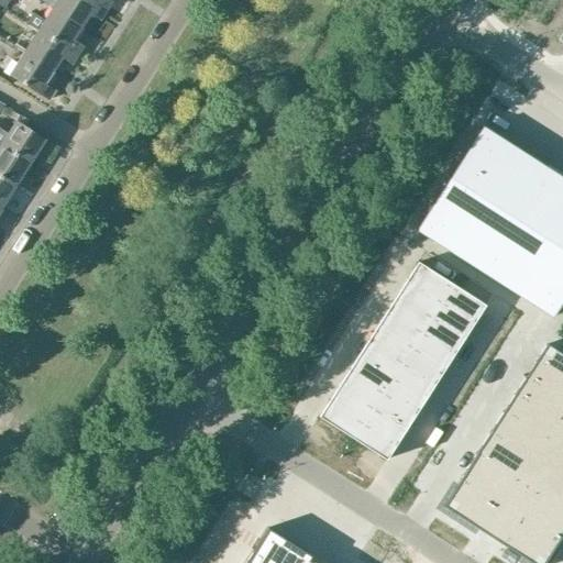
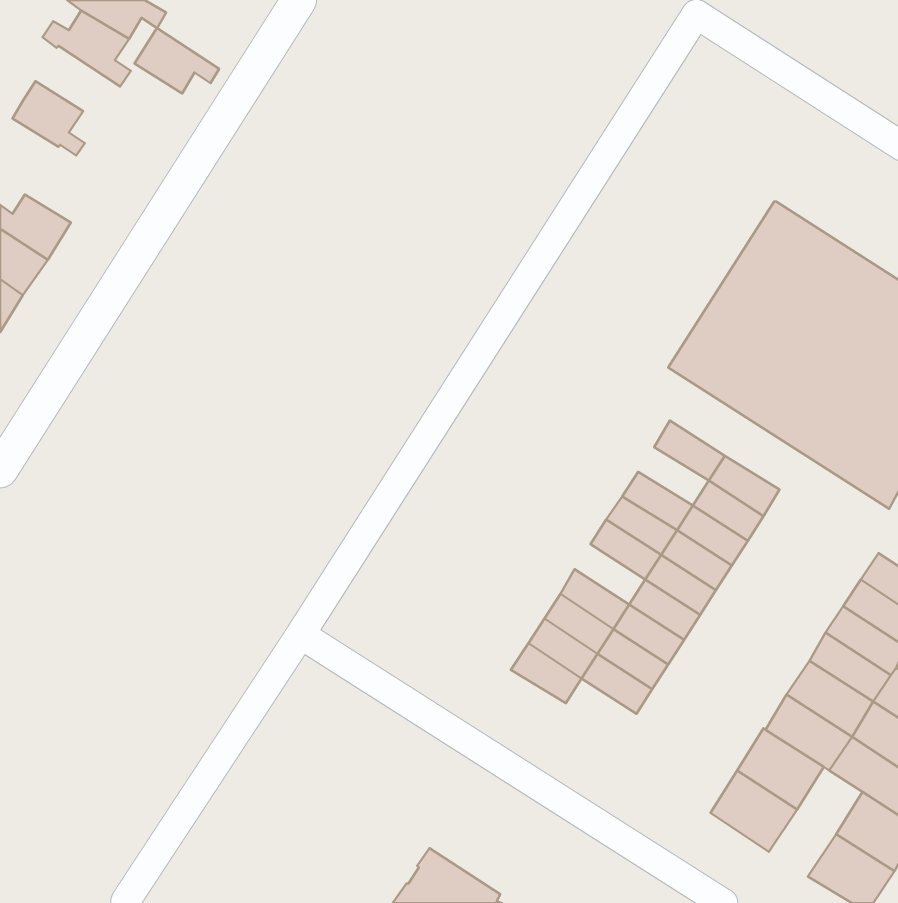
building: [25,29,78,69] -> [134,28,219,94]
building: [400,278,444,314] -> none
building: [361,339,405,376] -> none
building: [355,422,399,460] -> none
building: [482,477,540,545] -> none

